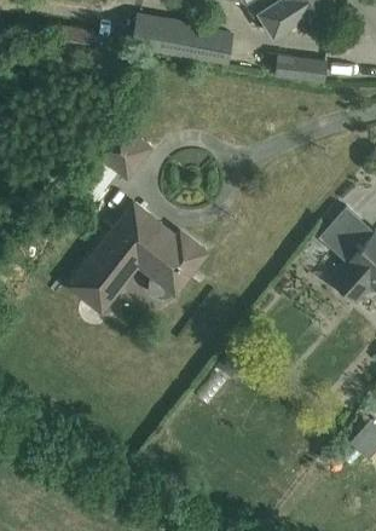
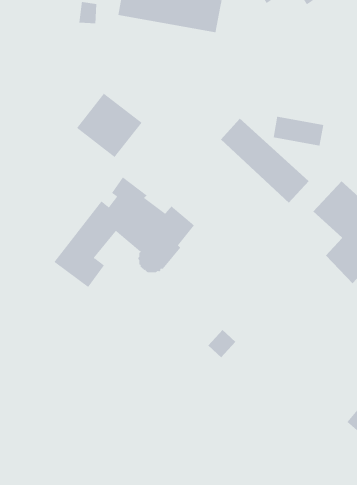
building: [279,54,329,83] -> [273,116,324,146]
building: none -> [220,118,310,204]

